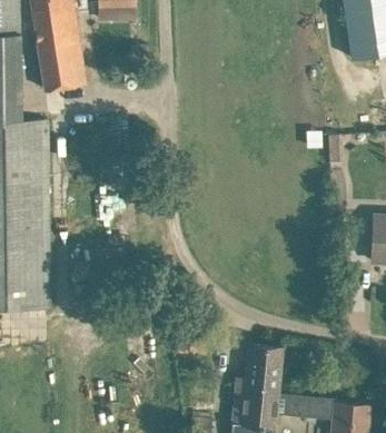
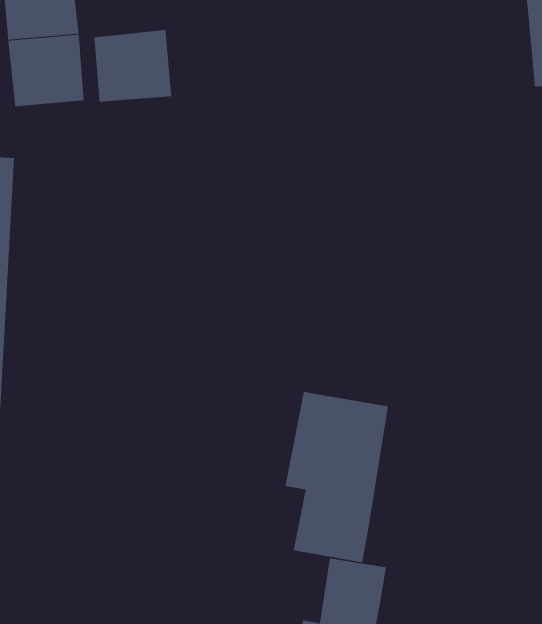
building: none -> [94,29,172,103]
building: none -> [285,391,389,563]

